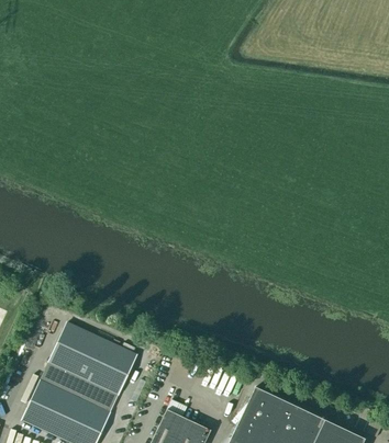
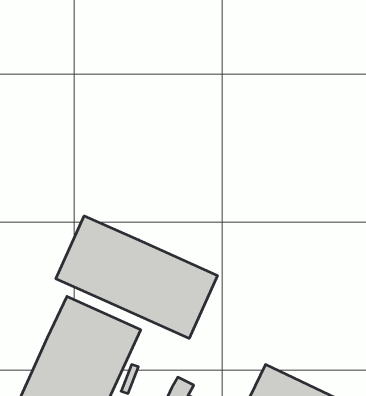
building: none -> [56,216,217,338]

